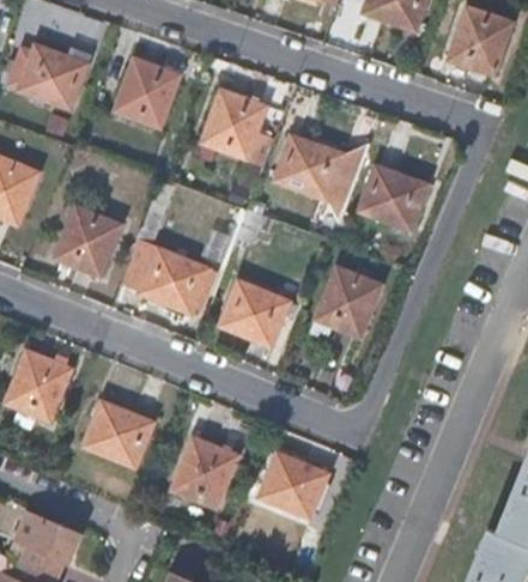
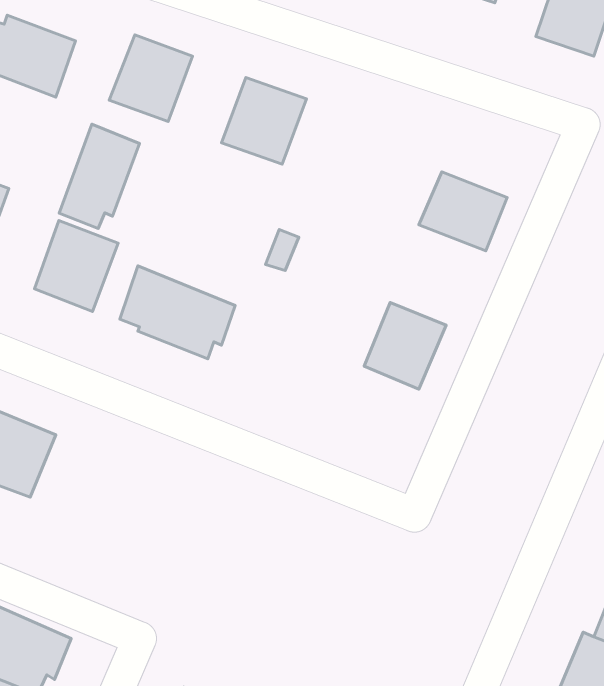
building: none -> [59,124,139,228]
building: [275,129,370,223] -> none
building: [219,279,287,344] -> none
building: [84,401,156,468] -> none
building: [174,436,238,508] -> none
building: [259,454,330,519] -> none

